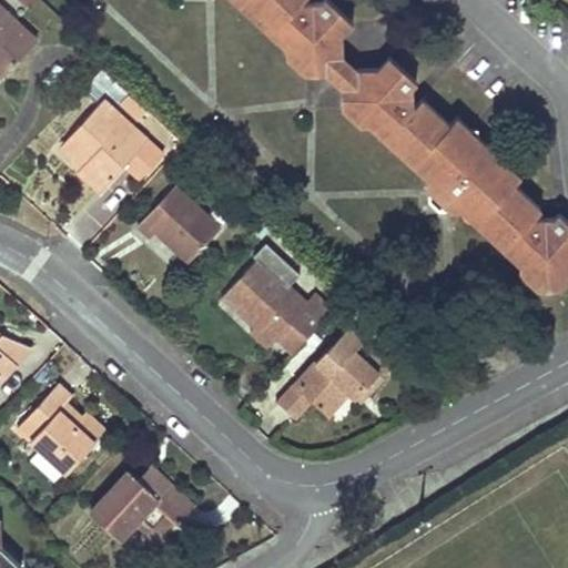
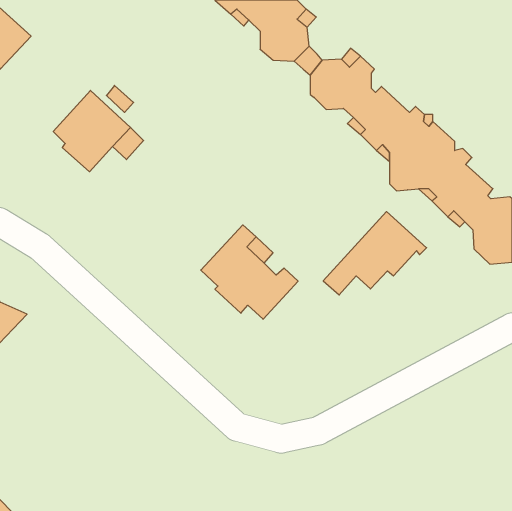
building: [135,187,217,263] -> none
building: [276,329,390,422] -> [323,212,427,295]
building: [16,385,102,476] -> none
building: [89,469,191,546] -> none

